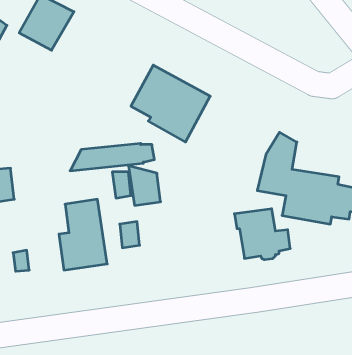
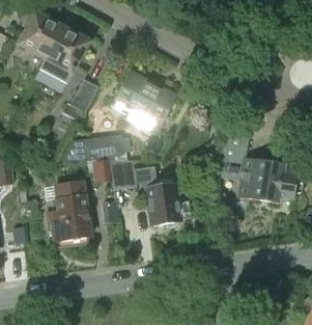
building: none -> [38,25,89,81]
building: none -> [61,78,97,118]
building: [234,209,290,260] -> [143,183,190,225]

